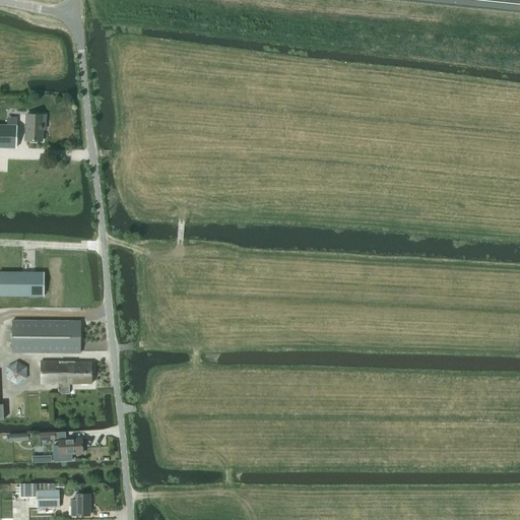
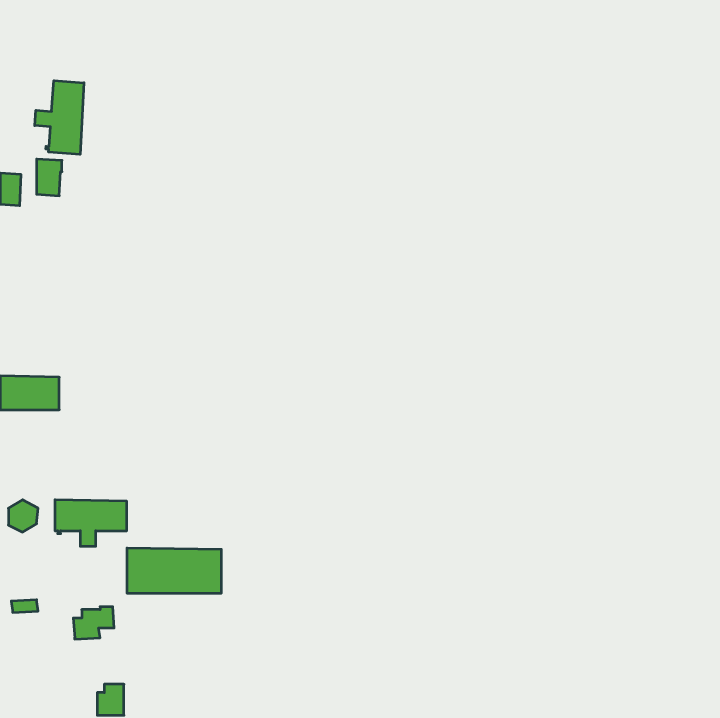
building: none -> [35,81,84,154]
building: [12,320,80,352] -> [127,548,221,593]
building: [32,483,62,507] -> none

